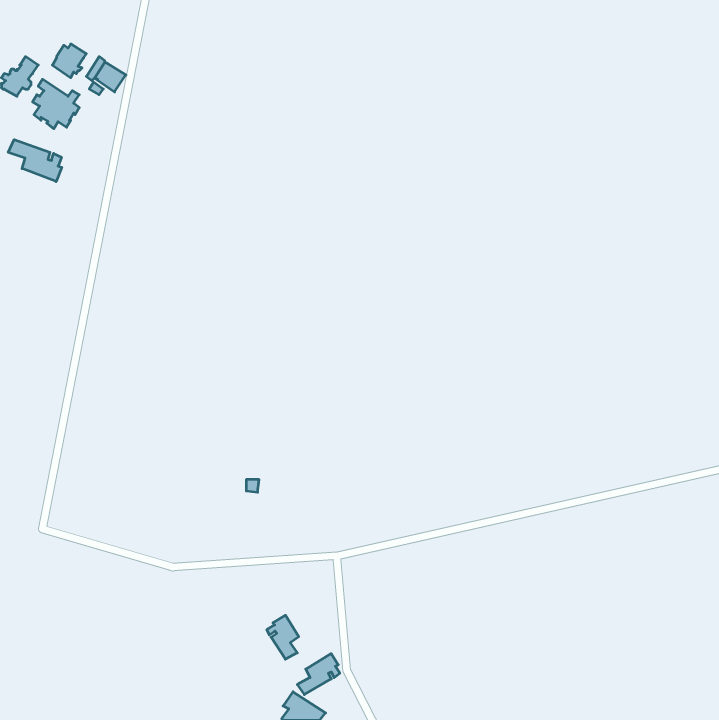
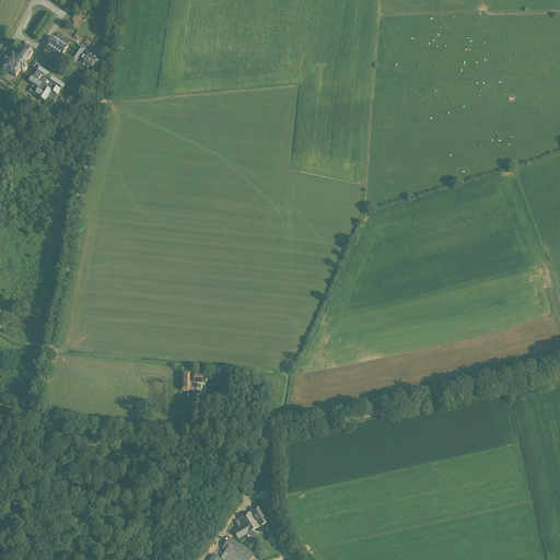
building: [8,140,62,182] -> none
building: [267,615,299,659] -> none

